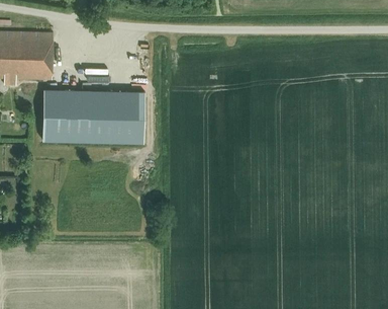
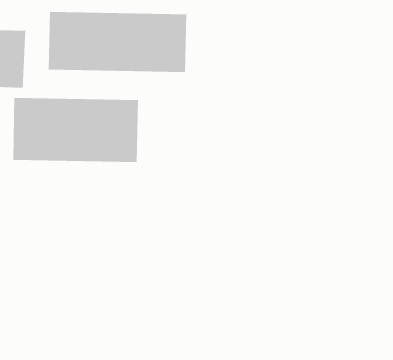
building: none -> [48,11,187,73]

